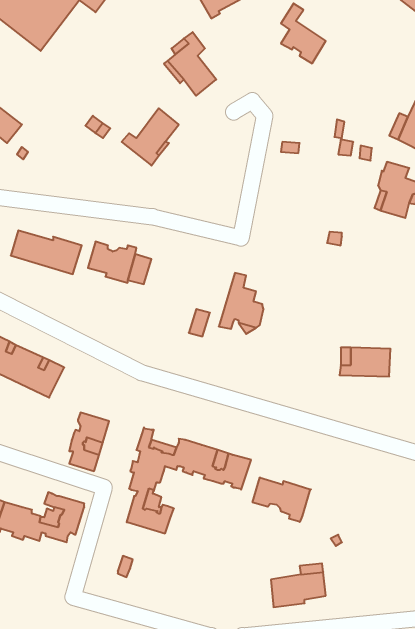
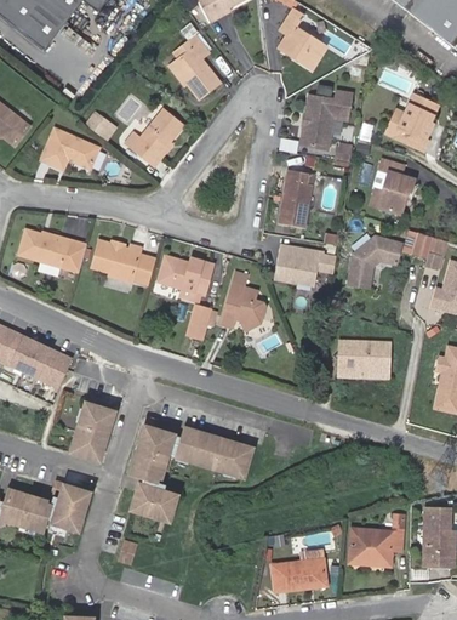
building: none -> [301,87,352,144]
building: none -> [41,126,97,166]
building: none -> [280,165,312,222]
building: none -> [347,234,400,286]
building: none -> [275,241,322,280]
building: none -> [160,255,212,298]
building: [253,477,311,522] -> none
building: none -> [348,516,404,567]

